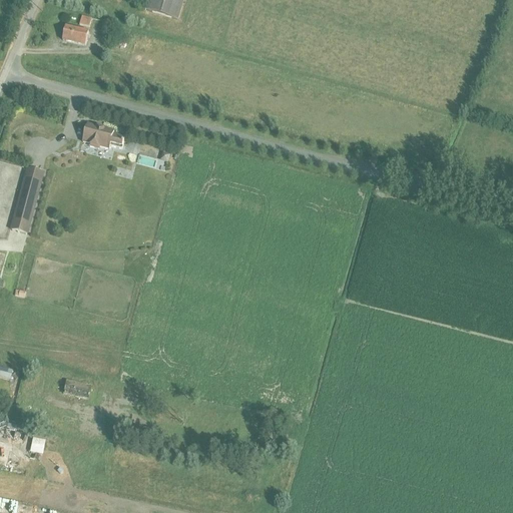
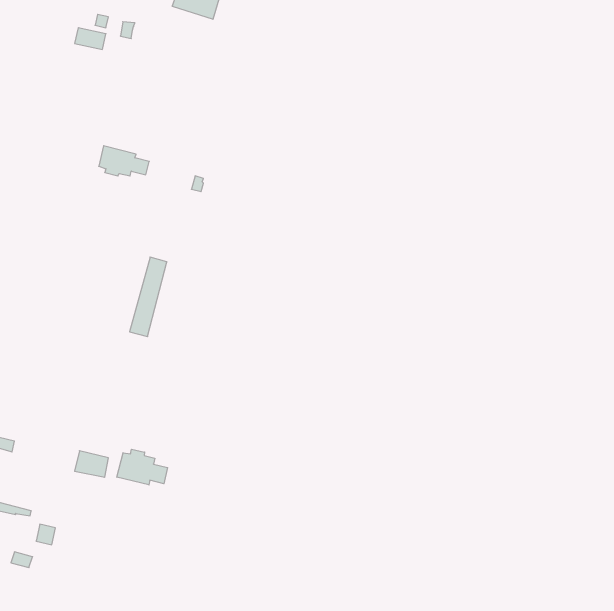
building: [11,165,42,231] -> [130,257,167,337]
building: none -> [117,449,168,485]

